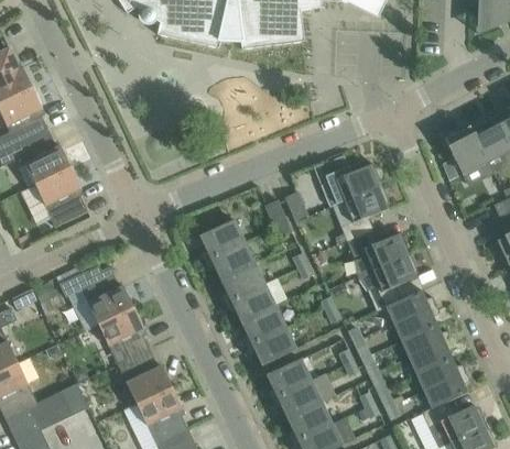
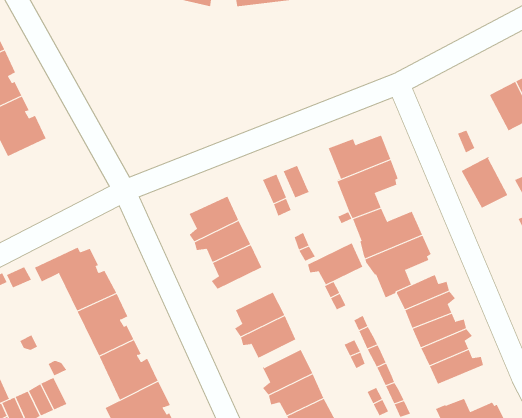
building: [445,125,488,173] -> [461,156,508,209]
building: [35,167,88,227] -> none
building: [225,284,275,322] -> [307,242,363,285]
building: [424,372,470,408] -> none

